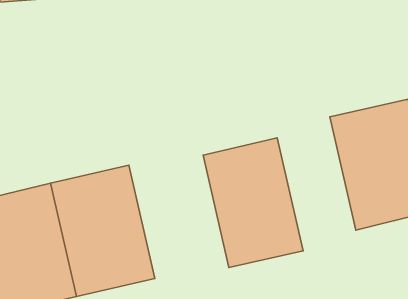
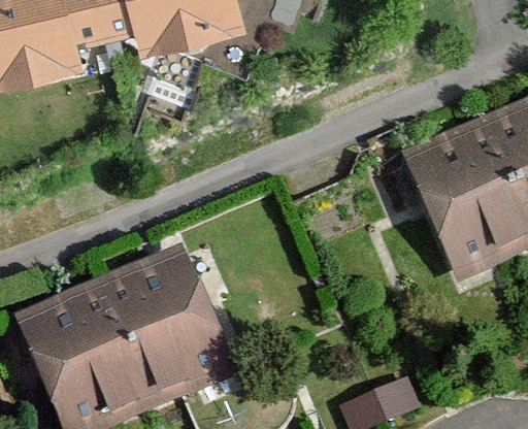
building: [203,138,303,268] -> none

